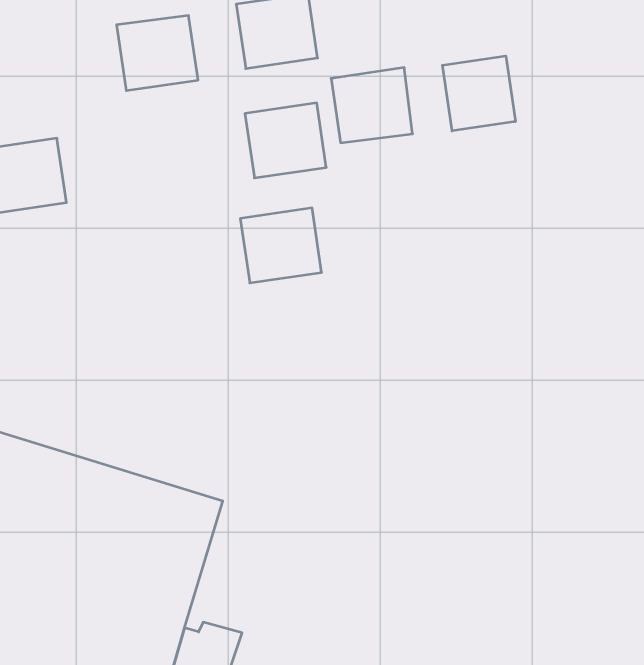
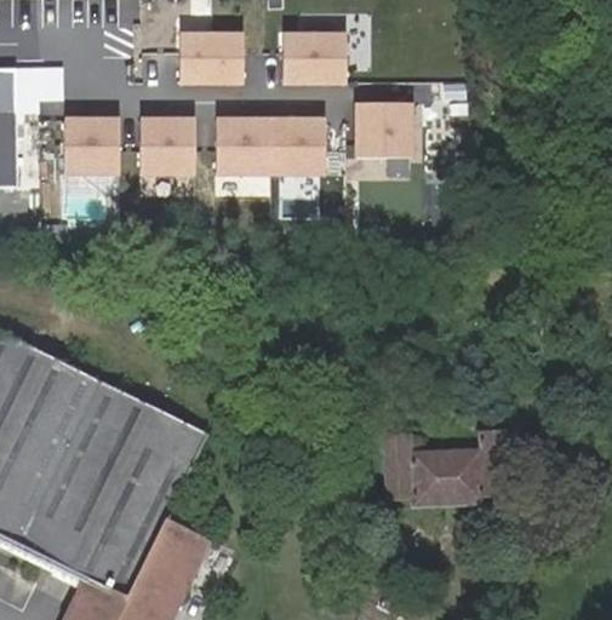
building: [442,56,515,131] -> none
building: none -> [133,122,193,177]
building: [240,208,322,283] -> [210,121,269,174]
building: none -> [384,427,508,504]

